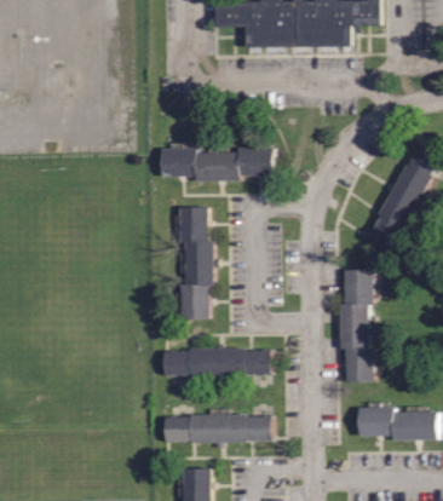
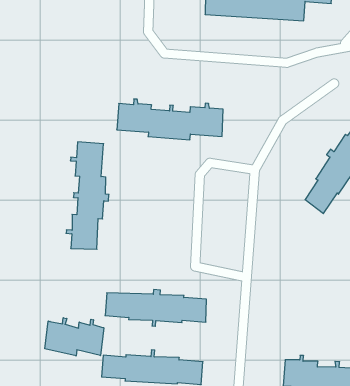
building: [173,206,217,319] -> [66,142,109,249]
building: [339,269,379,381] -> none
building: none -> [45,318,104,356]

